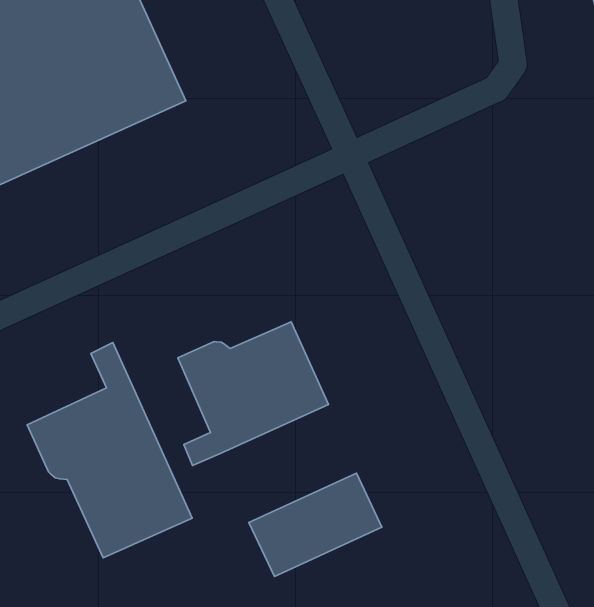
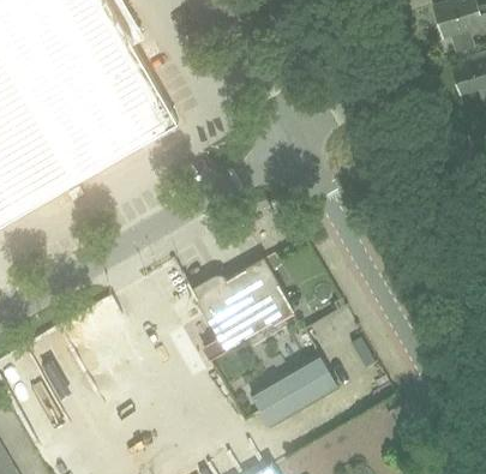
building: [27,343,192,558] -> none

